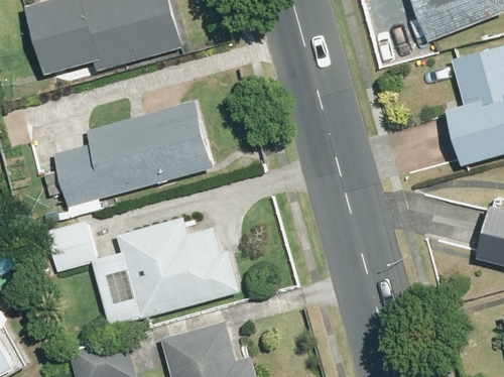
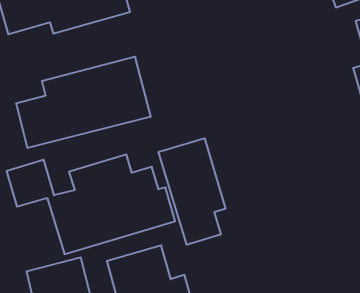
building: none -> [159,138,225,245]

